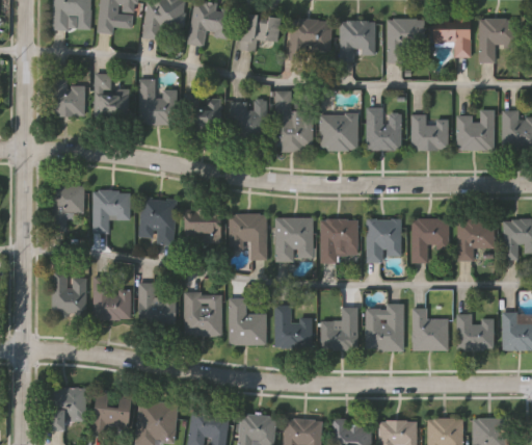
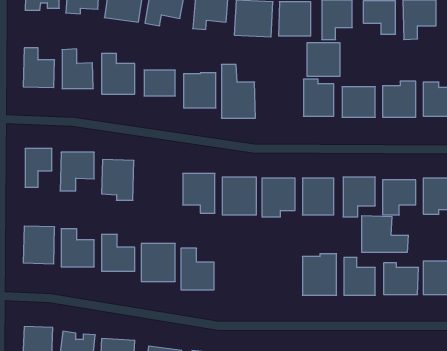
building: [320,112,357,150] -> [307,43,340,76]
building: [185,208,222,239] -> none
building: none -> [362,216,408,252]
building: [321,307,357,349] -> none
building: [275,309,314,347] -> none

